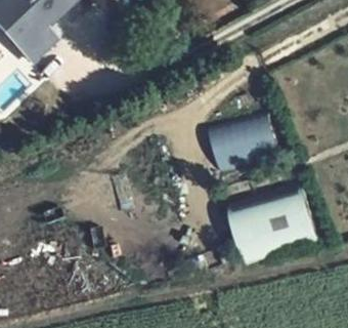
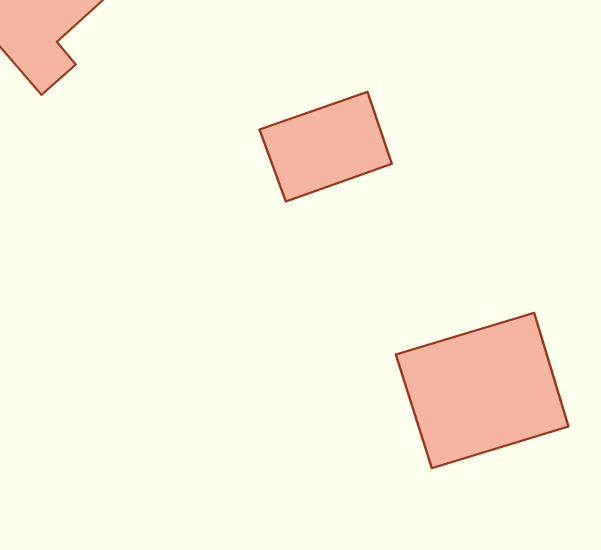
building: [208,109,279,168] -> [259,92,392,202]

